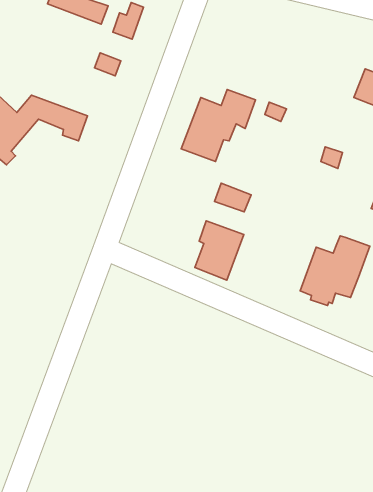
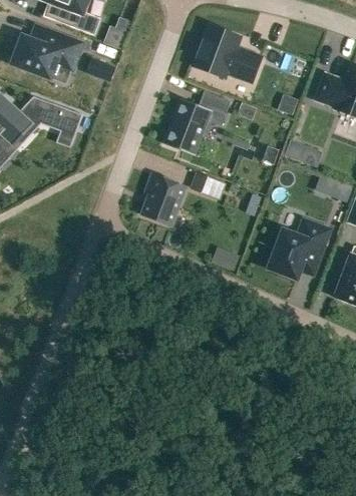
building: none -> [193,24,261,81]
building: none -> [11,31,81,78]
building: [195,221,244,280] -> [141,173,185,225]

